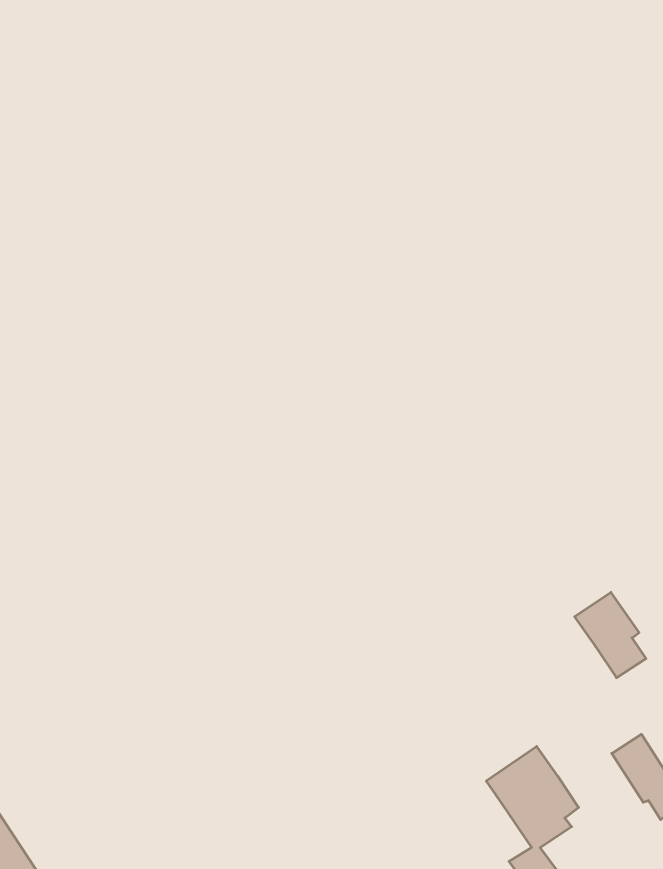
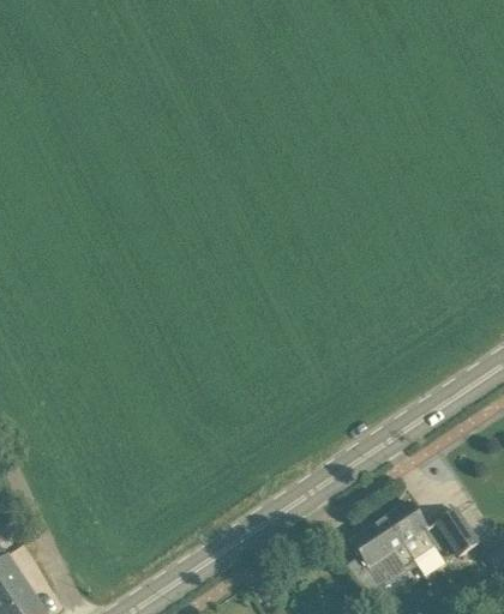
building: [575,592,646,678] -> [386,502,436,561]

